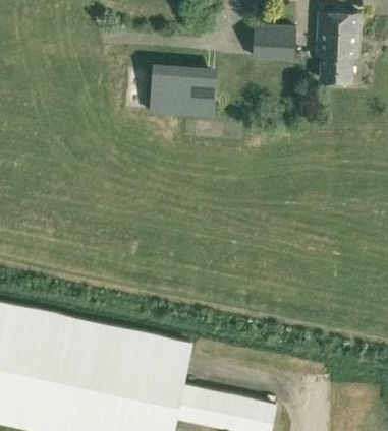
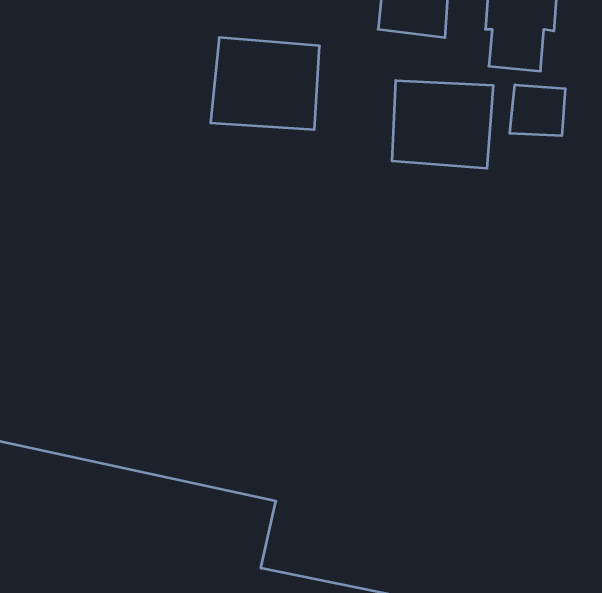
building: none -> [392,80,493,168]
building: none -> [510,85,565,136]

